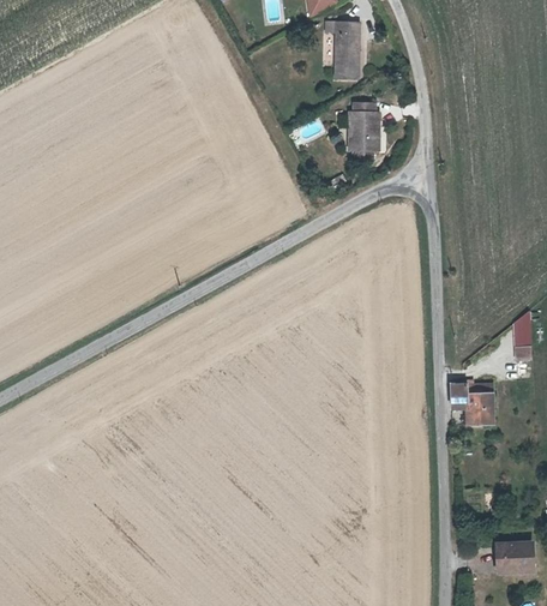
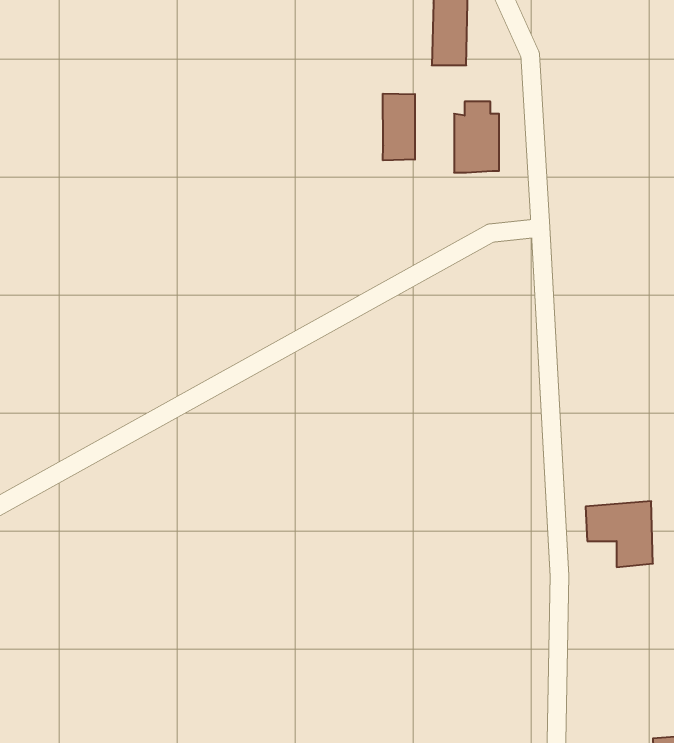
building: none -> [383,94,415,160]

